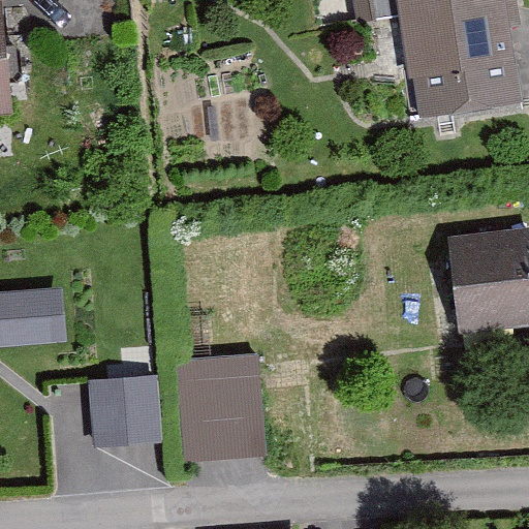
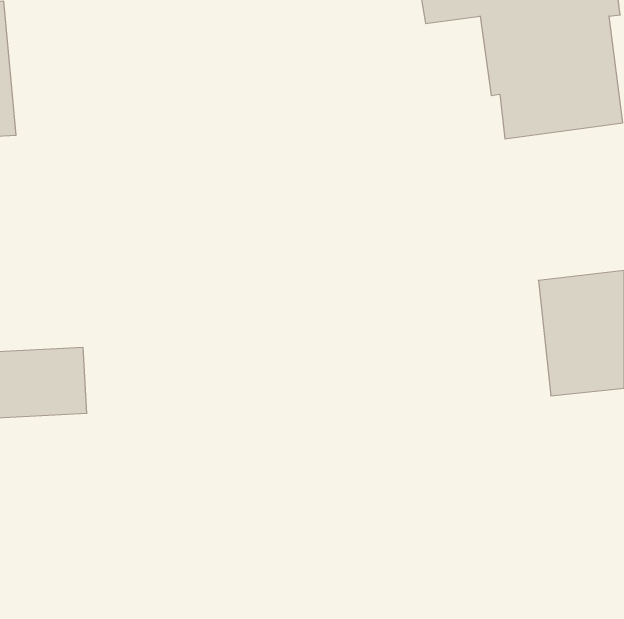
building: [176,352,268,462] -> none
building: [87,375,162,447] -> none

